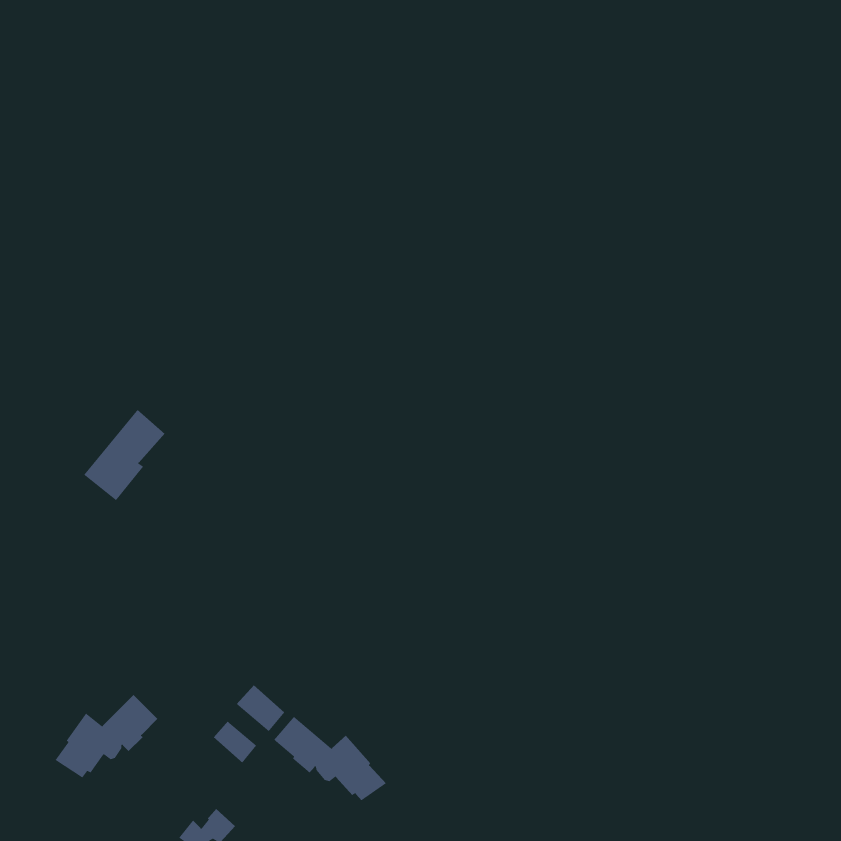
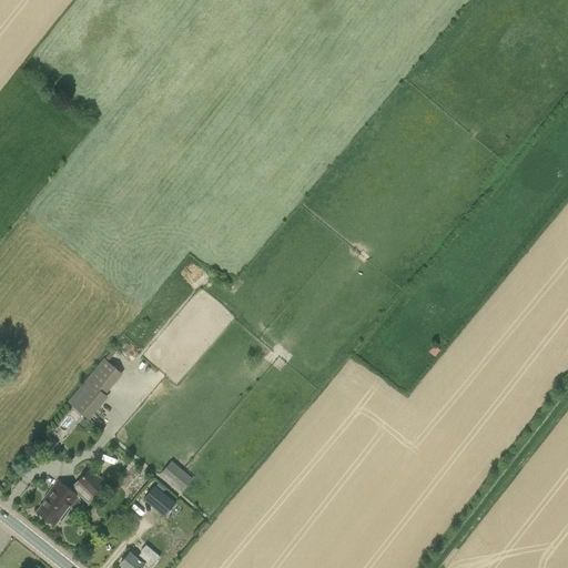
building: [83,409,166,501] -> [67,358,122,420]
building: [273,716,387,801] -> none

